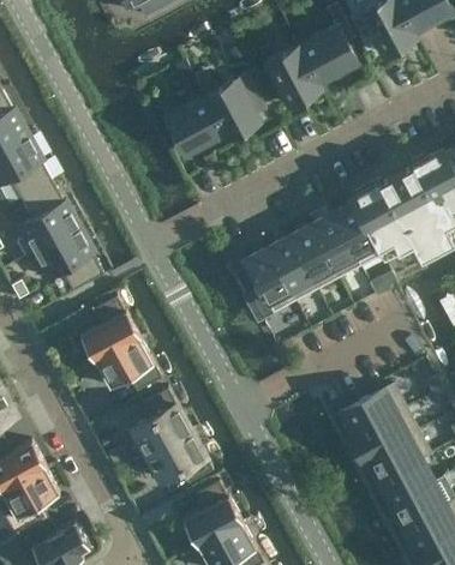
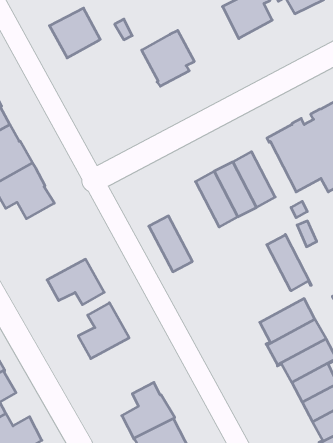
building: [264,47,321,107] -> none
building: [164,97,223,155] -> [49,8,100,58]
building: [331,203,383,268] -> [267,234,311,290]
building: [244,250,294,314] -> [149,216,192,272]
building: [79,297,139,363] -> none
building: [145,431,211,486] -> none

